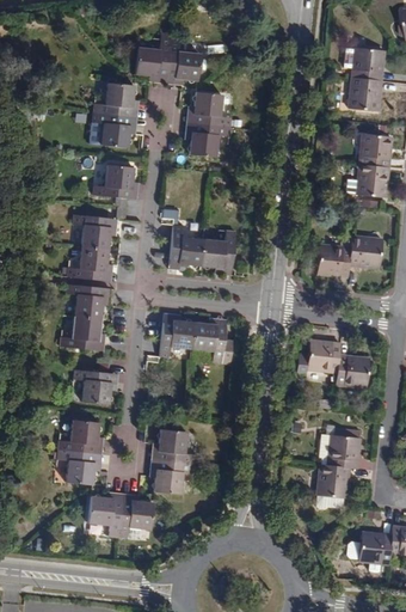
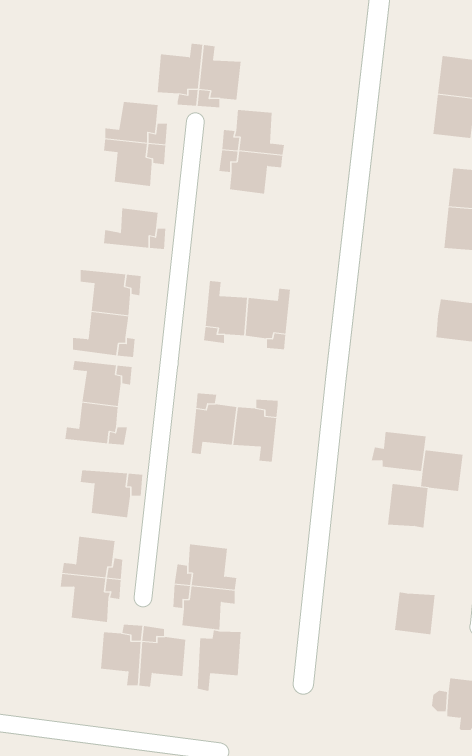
building: [315,246,350,279] -> none
building: [327,433,359,467] -> [387,483,429,528]
building: none -> [197,629,241,692]

